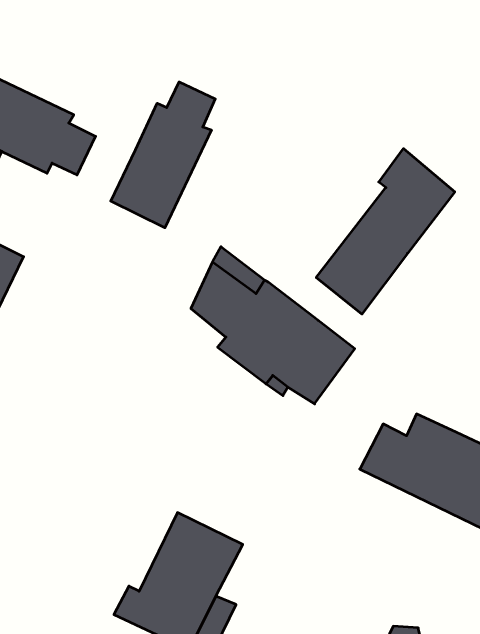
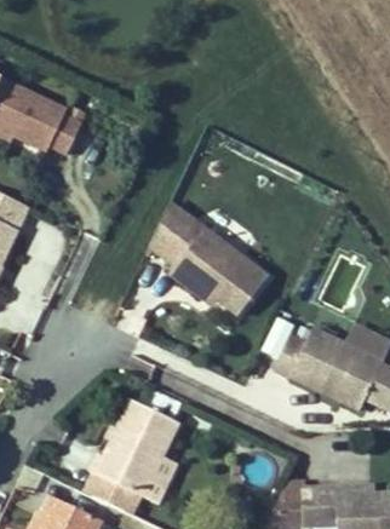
building: [111,82,215,228] -> none
building: [316,149,455,314] -> none

